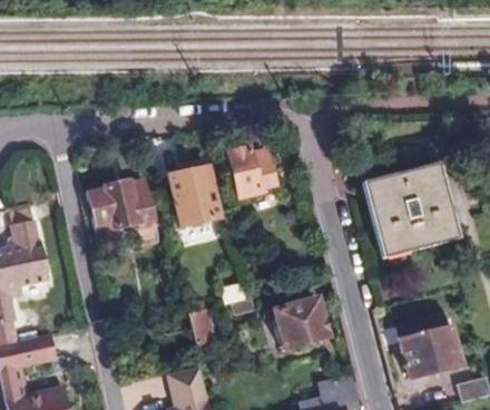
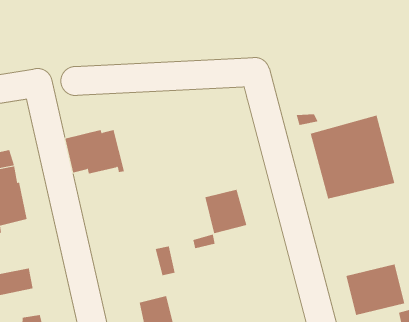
building: [228,147,273,194] -> none
building: [169,166,219,224] -> none
building: [282,297,330,348] -> [204,189,247,234]

